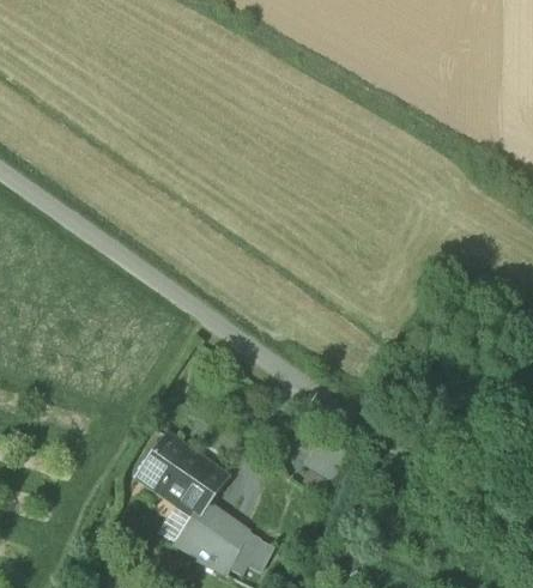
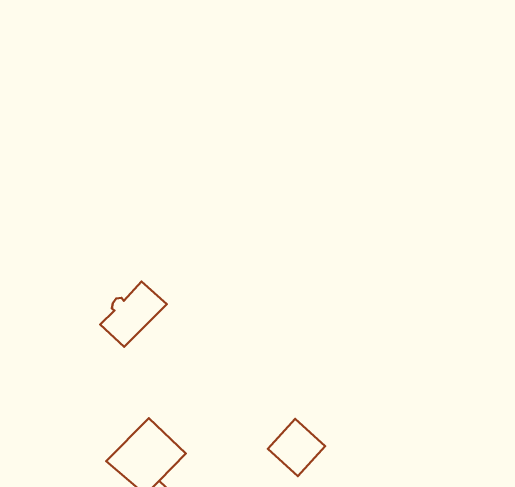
building: [135,434,192,493] -> [100,282,167,347]

